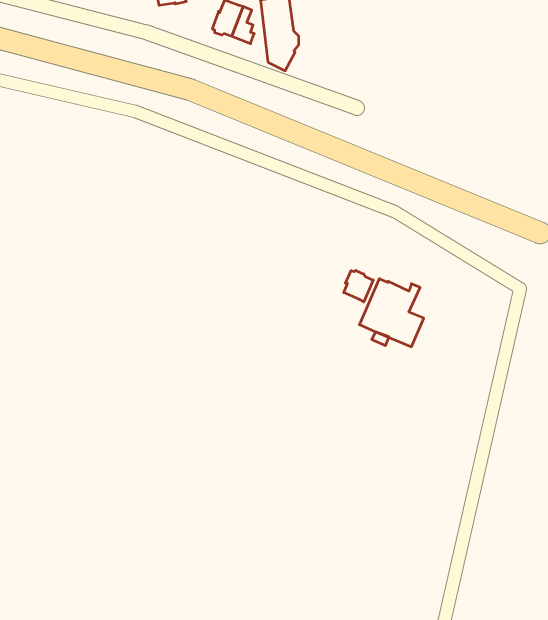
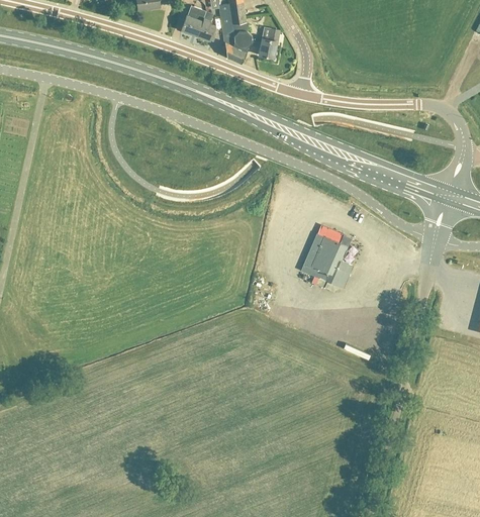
building: none -> [259,27,280,58]
building: [344,270,373,302] -> none

